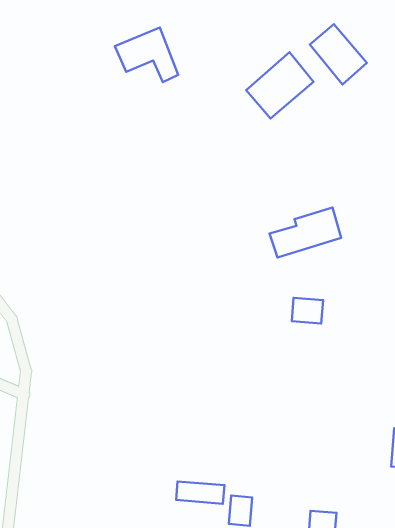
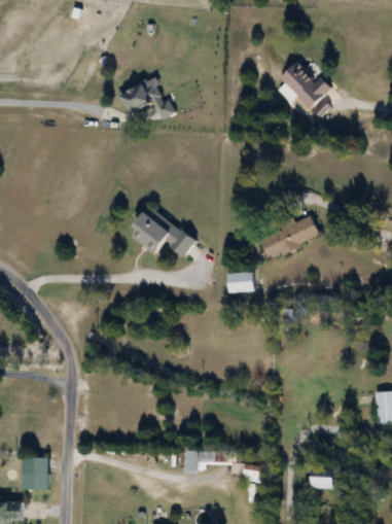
building: [246,52,314,119] -> none
building: none -> [129,207,193,256]
building: [292,298,323,324] -> [227,273,252,292]

